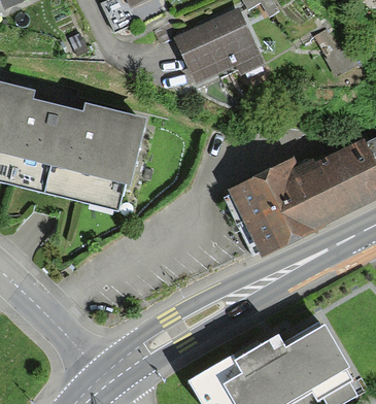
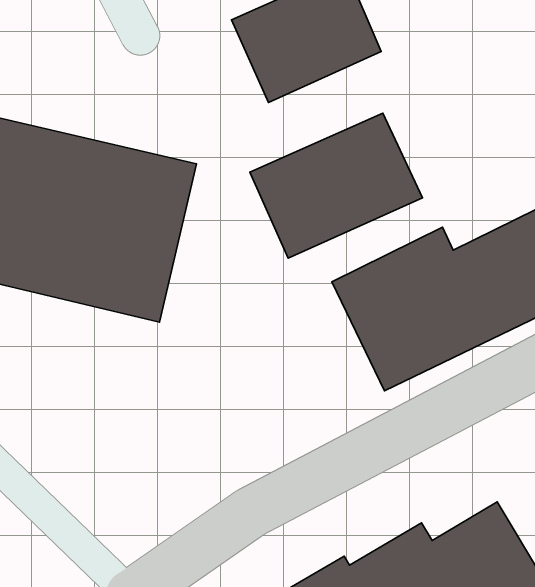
building: none -> [250,113,423,258]

